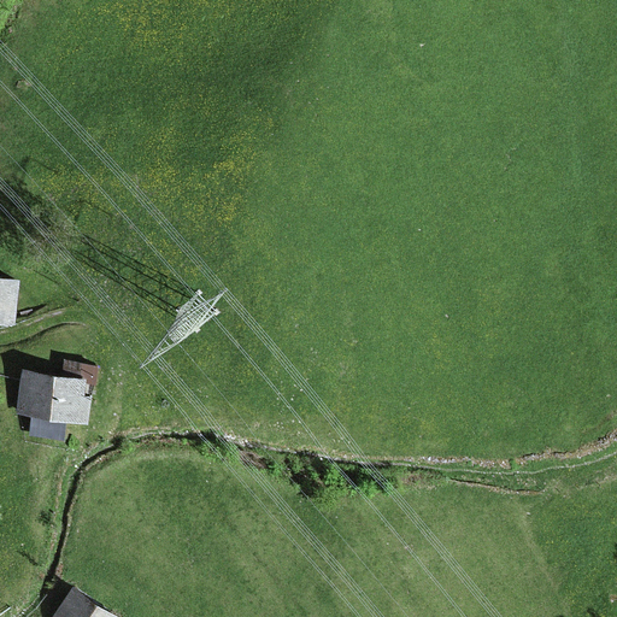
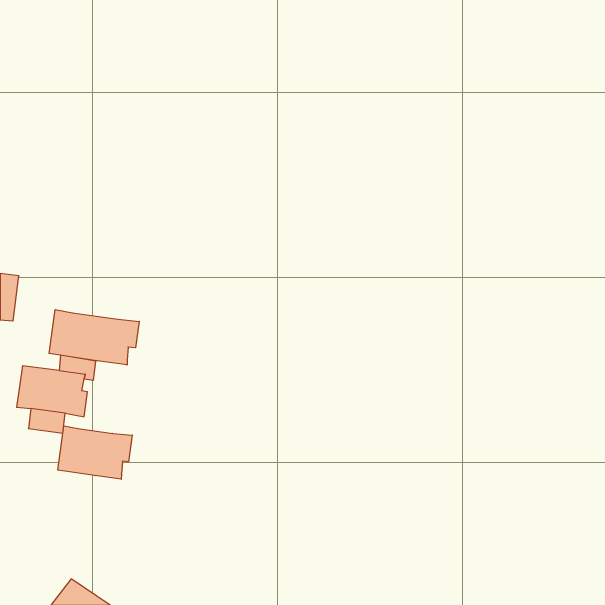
building: none -> [49,310,139,365]
building: none -> [58,426,132,479]

